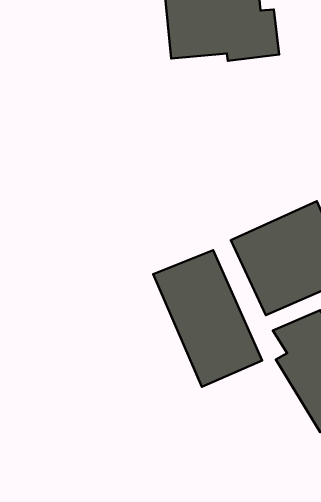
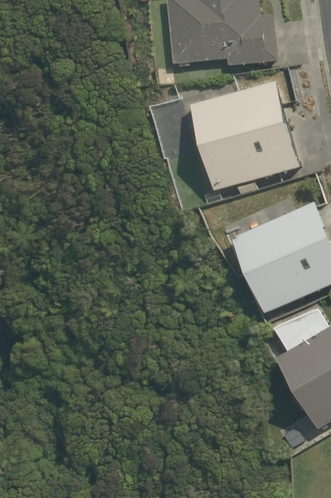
building: none -> [189,82,299,193]
building: [153,250,262,387] -> none

